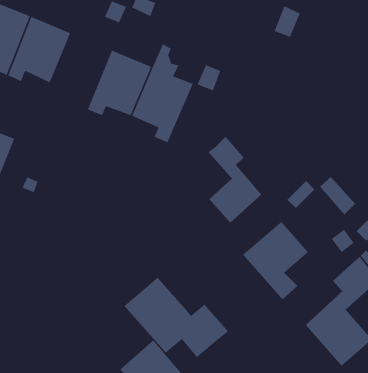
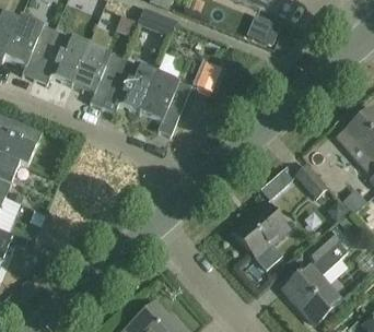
building: none -> [71,44,122,108]
building: [208,136,262,223] -> none
building: [124,277,229,358] -> none

